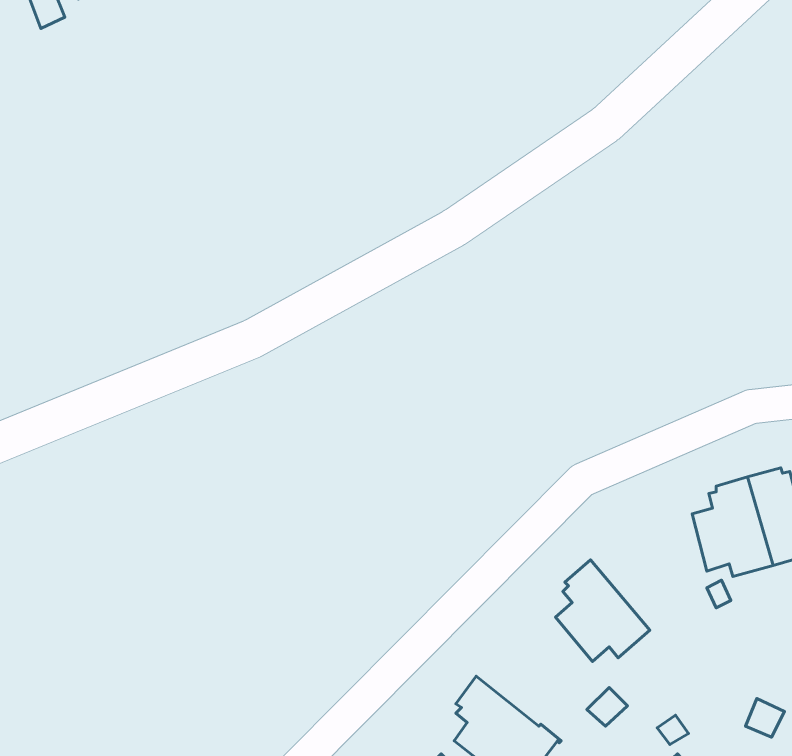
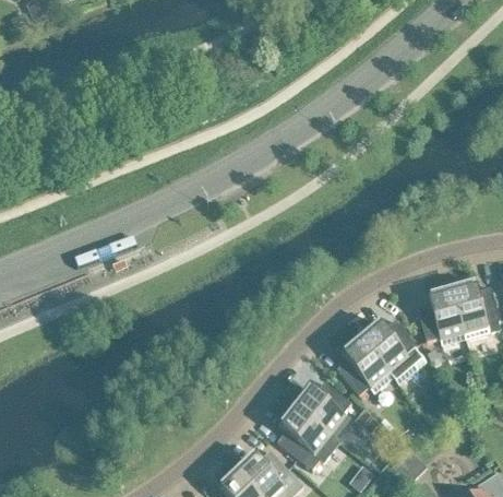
building: none -> [358,319,426,383]
building: none -> [290,381,351,433]

